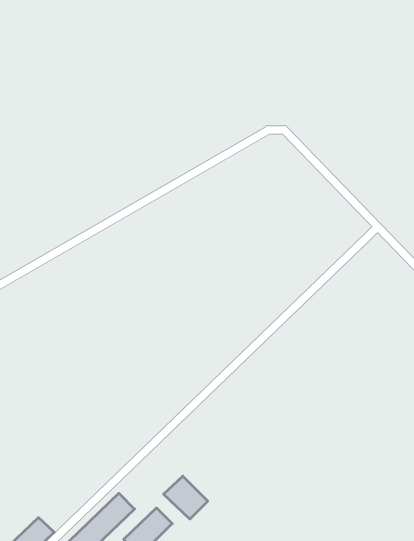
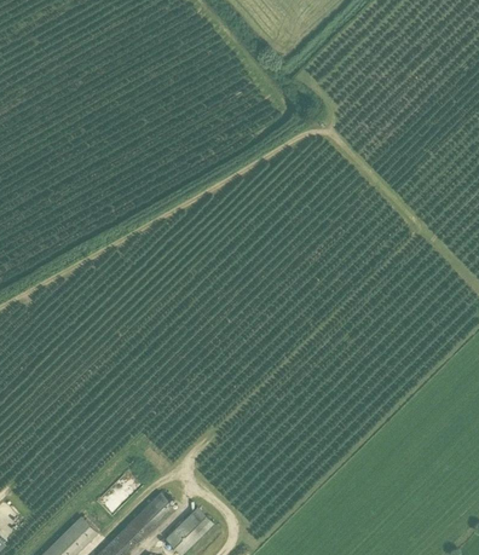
building: [164,476,208,519] -> none

